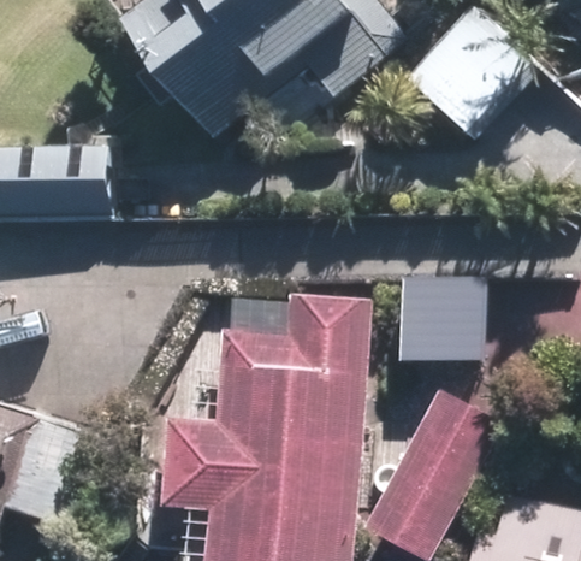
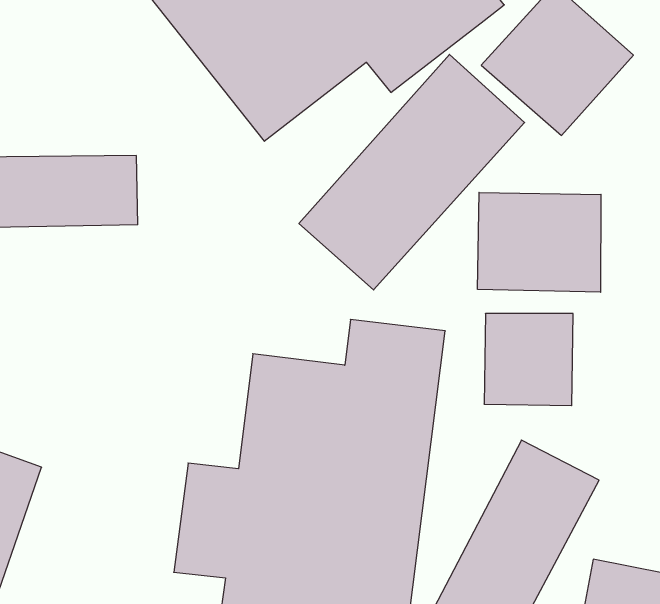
building: none -> [299,54,525,290]
building: none -> [478,192,601,292]

